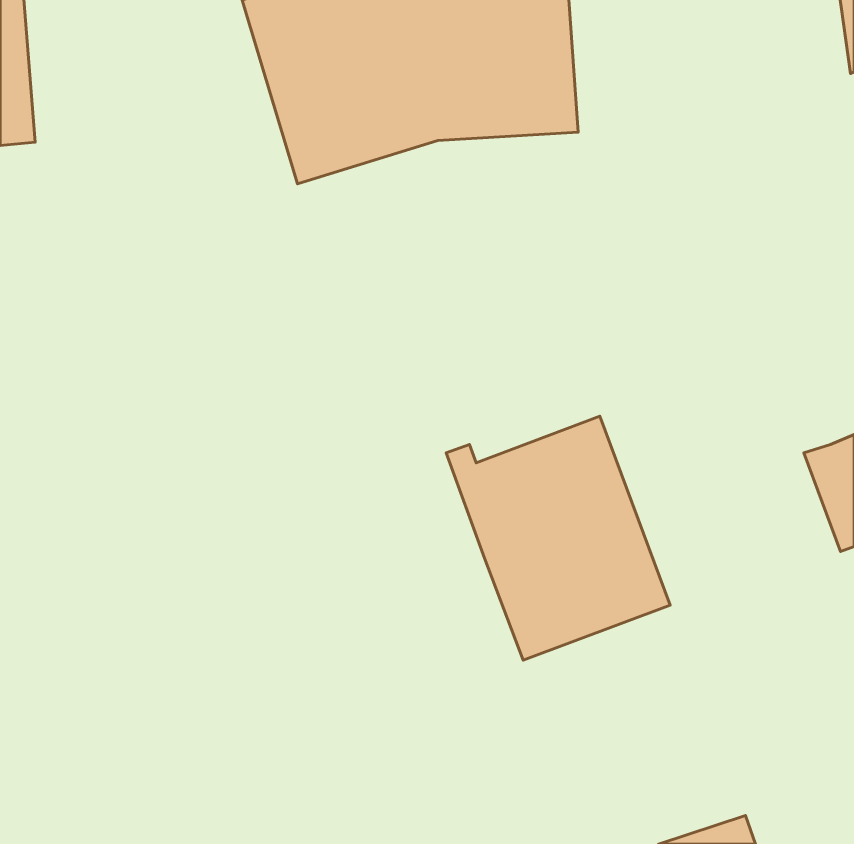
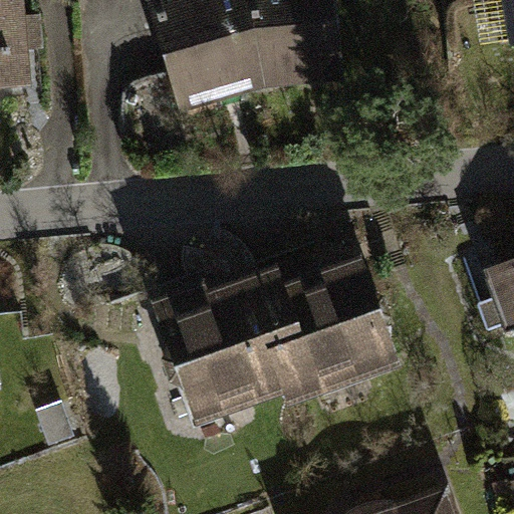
building: none -> [157,272,314,426]

